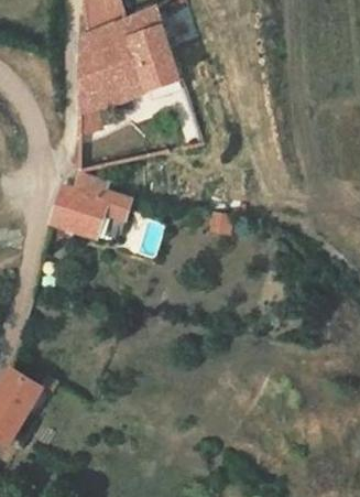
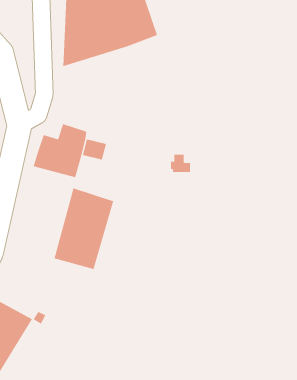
building: none -> [54,187,114,270]

